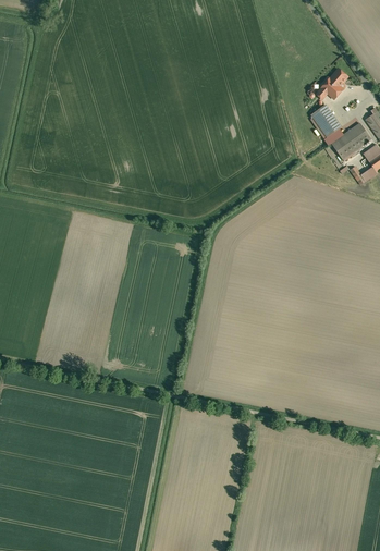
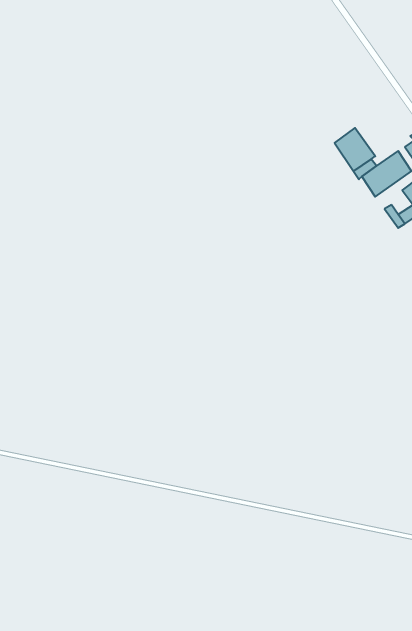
building: [317,68,347,98] -> none

